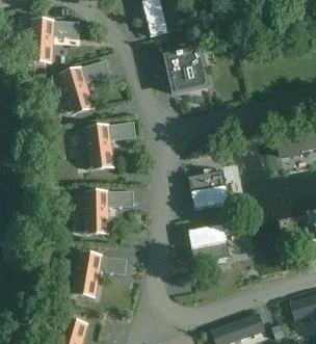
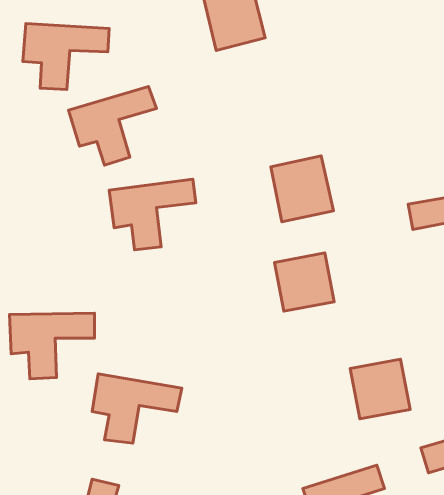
building: [167,51,209,95] -> [271,156,334,222]
building: [78,191,134,235] -> [9,313,94,379]
building: [189,224,229,264] -> [350,359,410,419]

